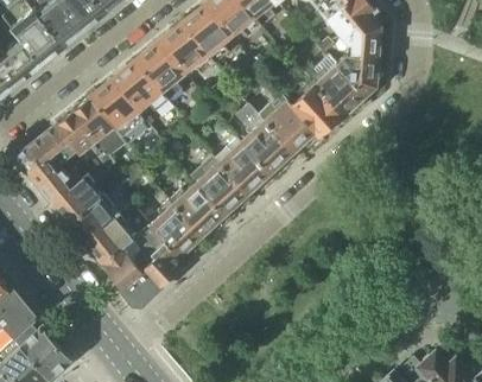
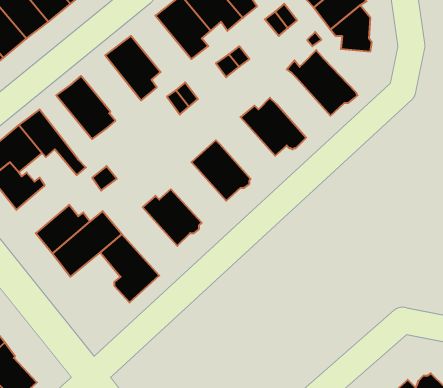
building: [158,23,214,75] -> none
building: [336,52,379,94] -> none
building: [112,59,167,112] -> none
building: [292,79,342,135] -> none
building: [74,96,127,155] -> none
building: [237,103,291,173] -> none
building: [195,158,246,214] -> none
building: [52,172,101,223] -> none
building: [150,199,201,262] -> none
building: [102,241,157,303] -> none

